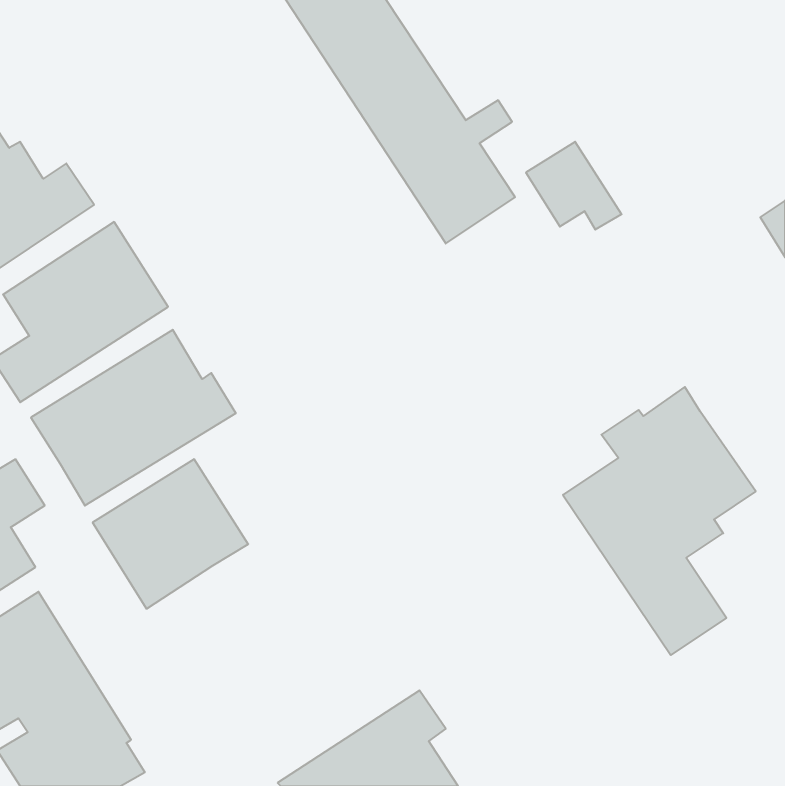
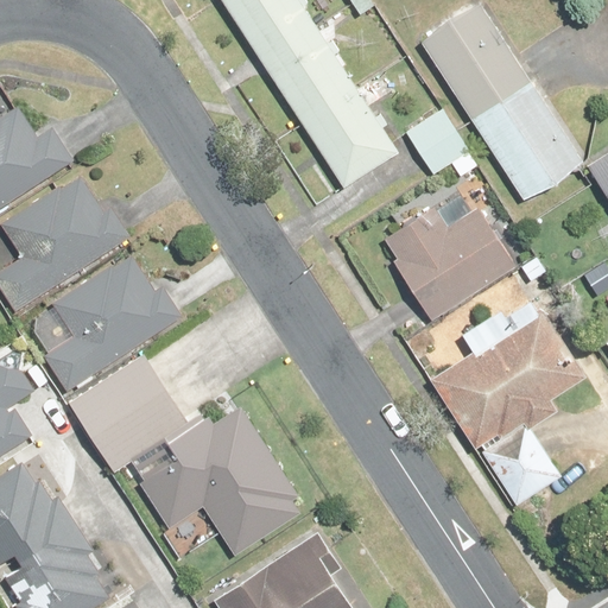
building: none -> [422,5,582,202]
building: none -> [382,188,518,318]
building: none -> [133,405,308,555]

